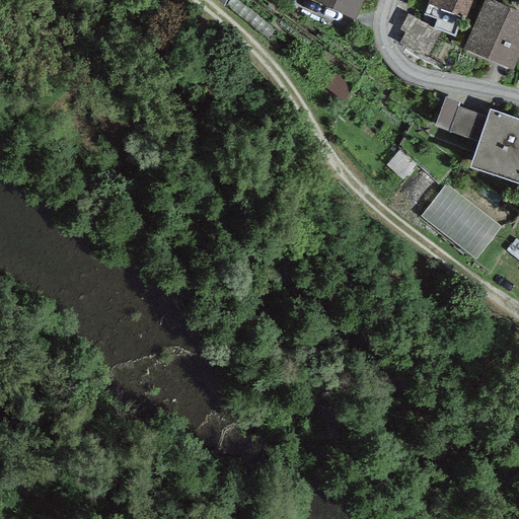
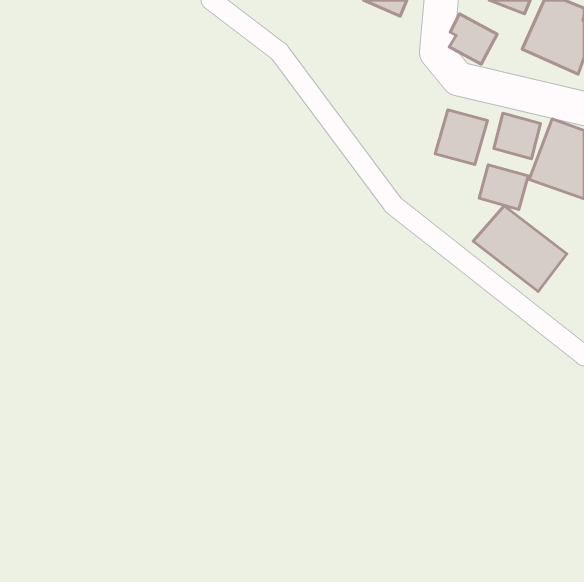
building: none -> [435,110,487,165]
building: none -> [479,165,528,209]

